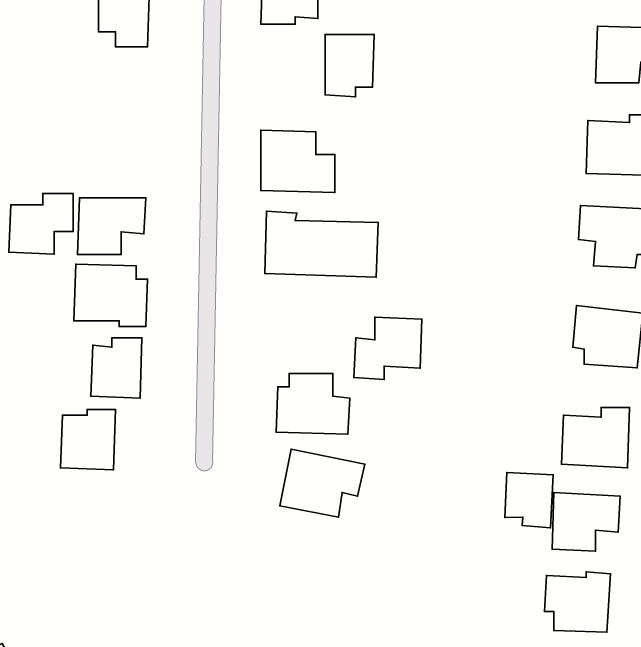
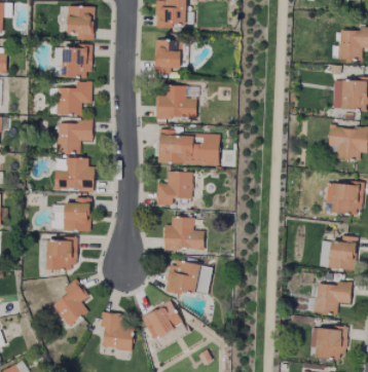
building: [325,34,374,97] -> [155,40,182,74]
building: none -> [54,44,91,78]
building: [9,194,73,254] -> [58,82,93,115]
building: [354,317,422,379] -> [156,172,193,206]
building: [505,473,553,528] -> none
building: none -> [53,280,89,327]
building: none -> [142,302,183,339]
building: none -> [102,312,134,349]

